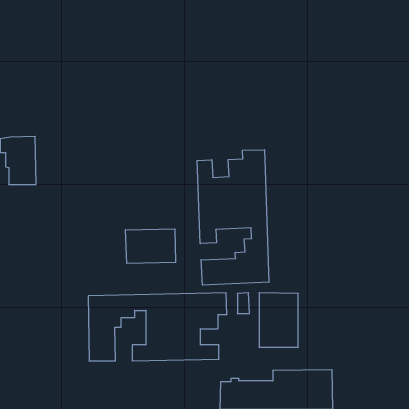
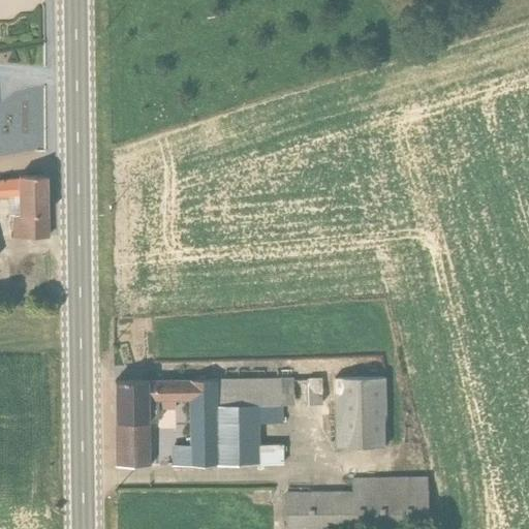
building: [197,150,269,285] -> none
building: [125,229,176,263] -> none

